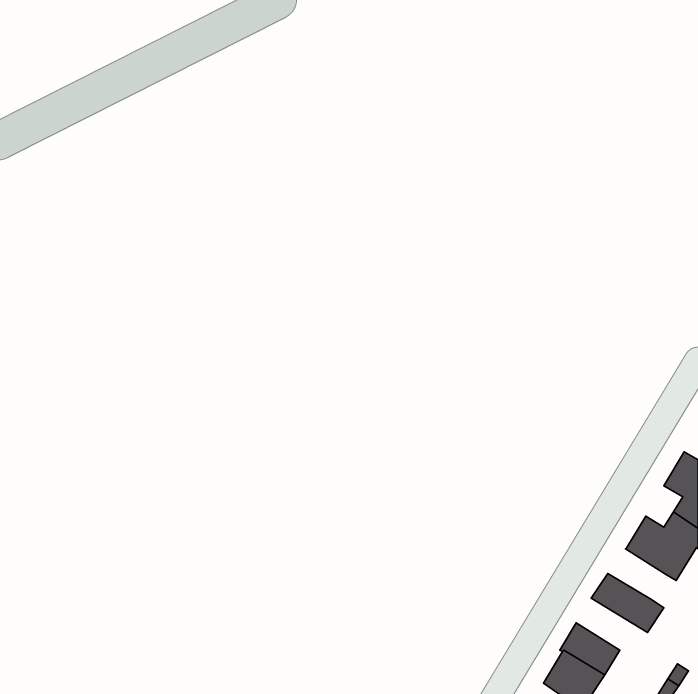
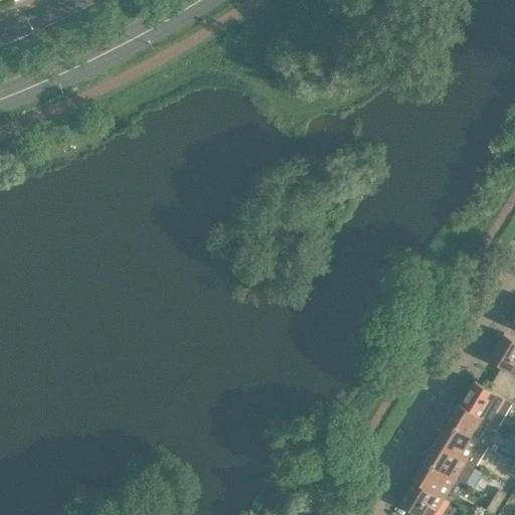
building: none -> [447,405,490,445]
building: none -> [423,444,476,487]

